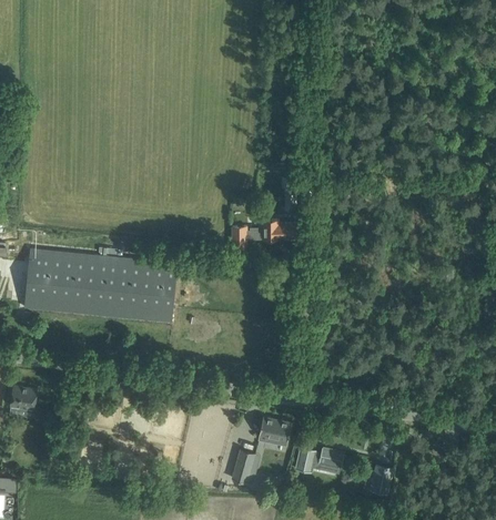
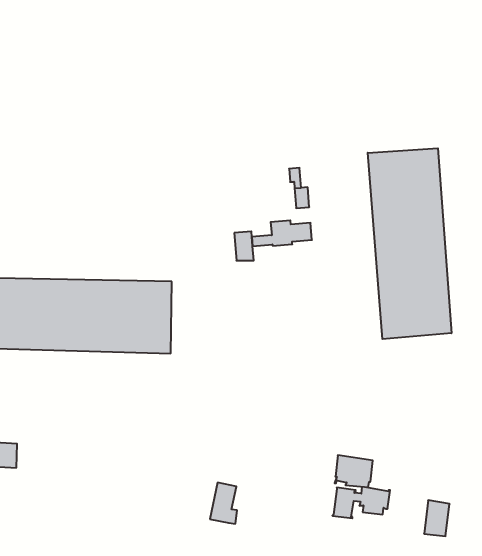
building: none -> [368,148,451,339]
building: [257,416,291,445] -> [335,455,373,487]
building: [231,448,255,483] -> [210,483,237,524]

